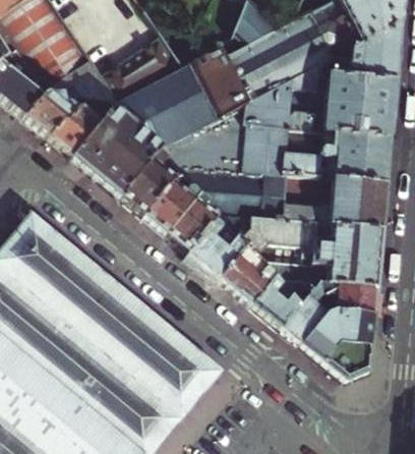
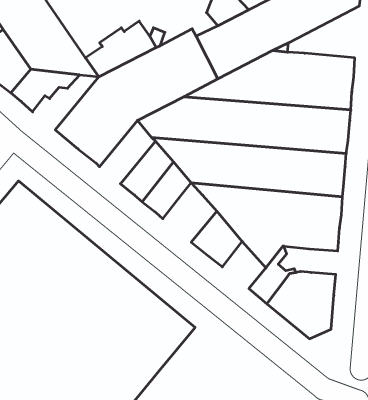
building: [341,22,400,78] -> none
building: [48,97,113,156] -> none
building: [120,146,180,214] -> none
building: [188,226,246,277] -> none
building: [252,276,299,327] -> none
building: [318,281,376,311] -> none

